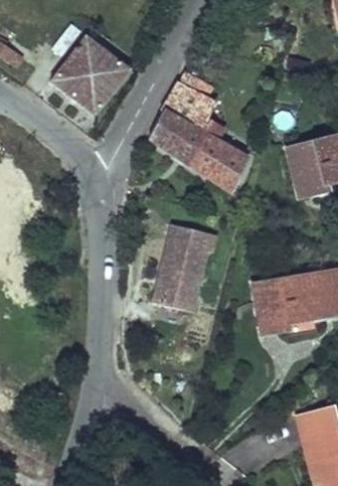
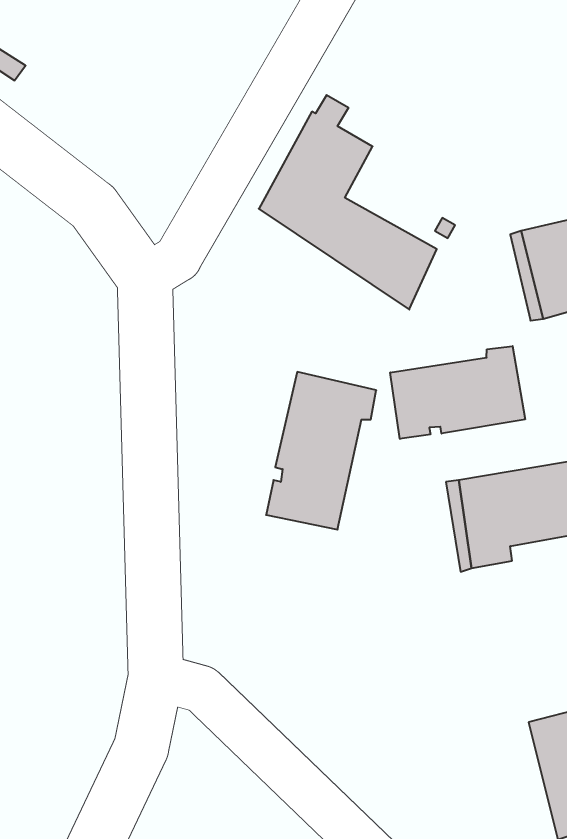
building: [50,34,130,113] -> none
building: none -> [390,346,525,439]

